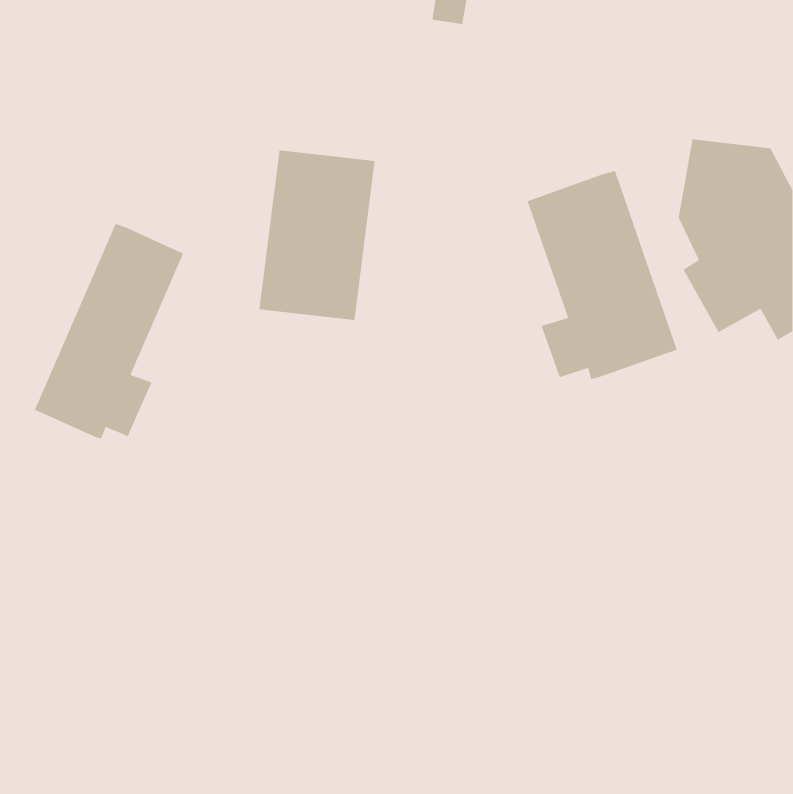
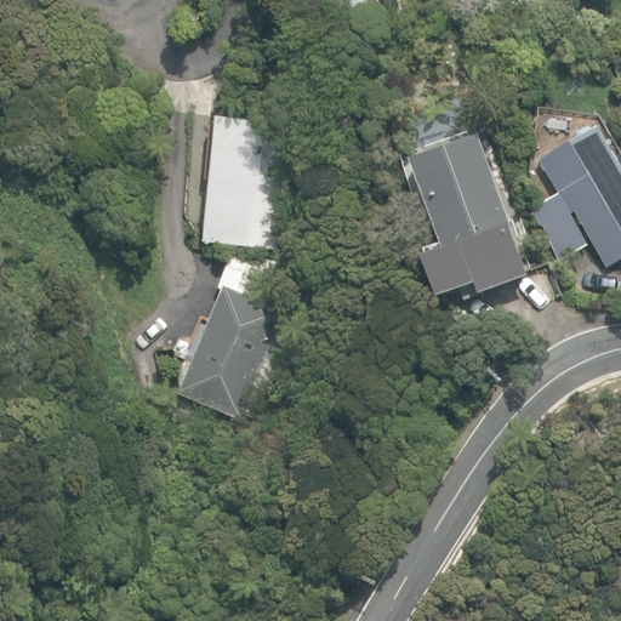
building: [34,223,184,439] -> none
building: none -> [173,281,283,418]

